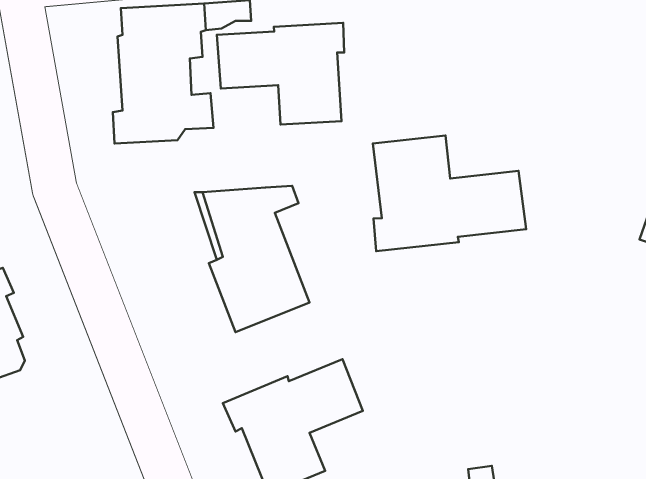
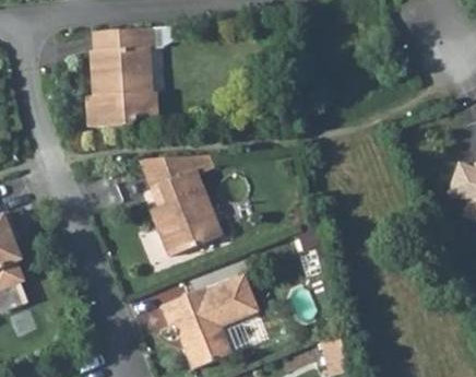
building: [217,23,344,124] -> none
building: [373,136,526,251] -> none

